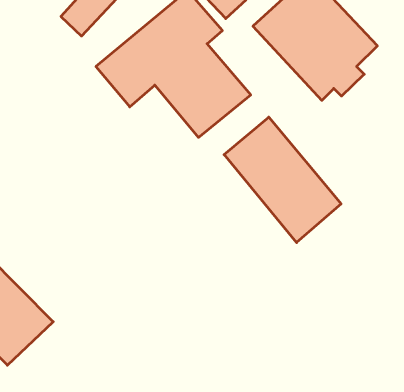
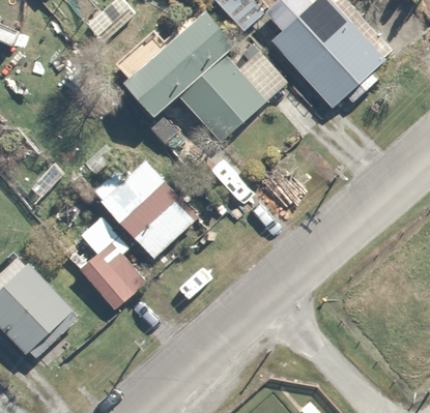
building: [224,117,341,243] -> none
building: none -> [70,154,198,312]

